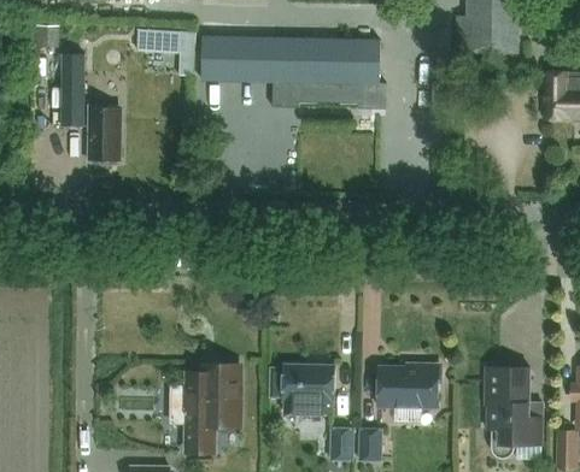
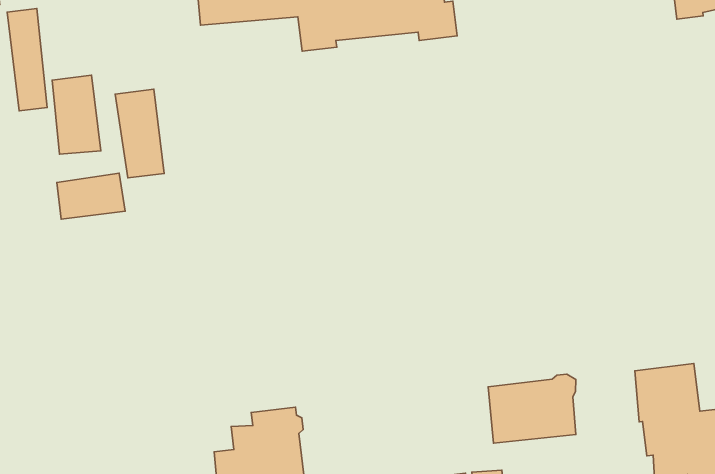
building: none -> [115,89,164,178]
building: none -> [57,173,125,219]
building: [270,364,335,413] -> none

